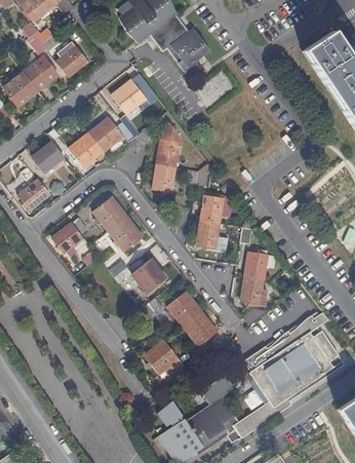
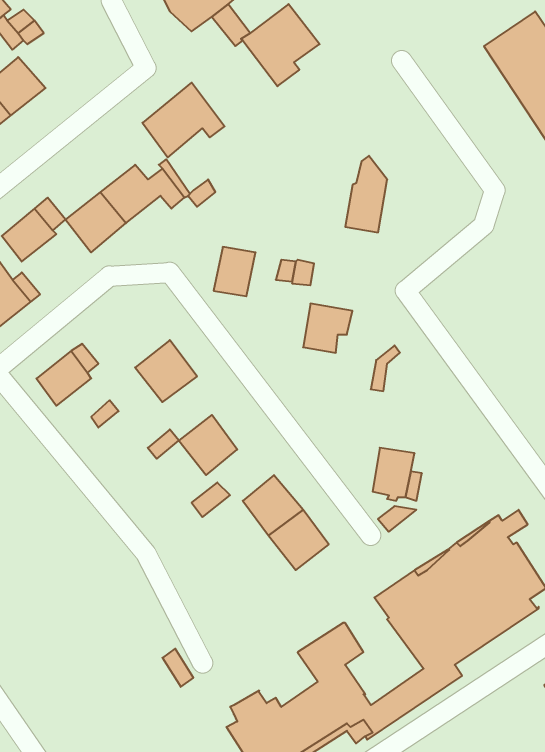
building: [55,42,86,77] -> none
building: [156,124,180,167] -> [345,156,387,232]
building: [92,198,126,232] -> none
building: [196,221,227,252] -> none
building: [244,249,276,280] -> none
building: [143,340,187,382] -> none

